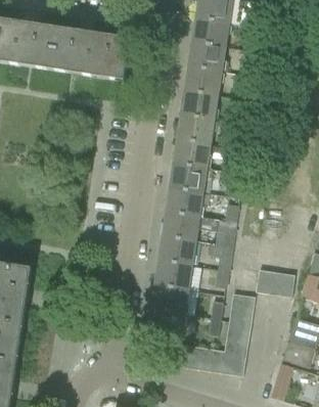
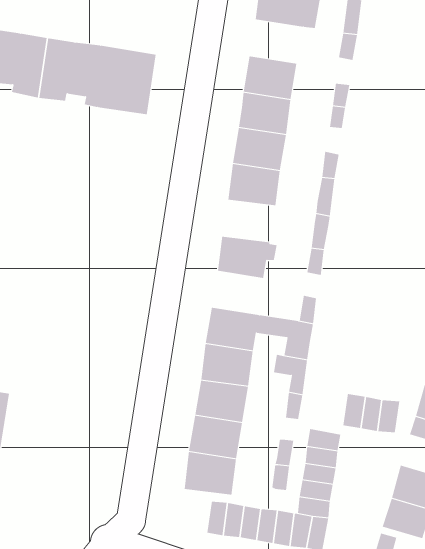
building: [193,14,234,44] -> none
building: [175,136,212,165] -> none
building: [168,184,203,214] -> none

